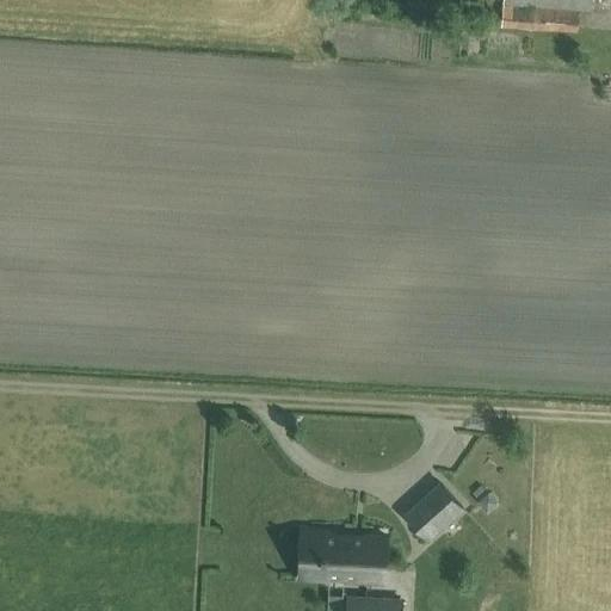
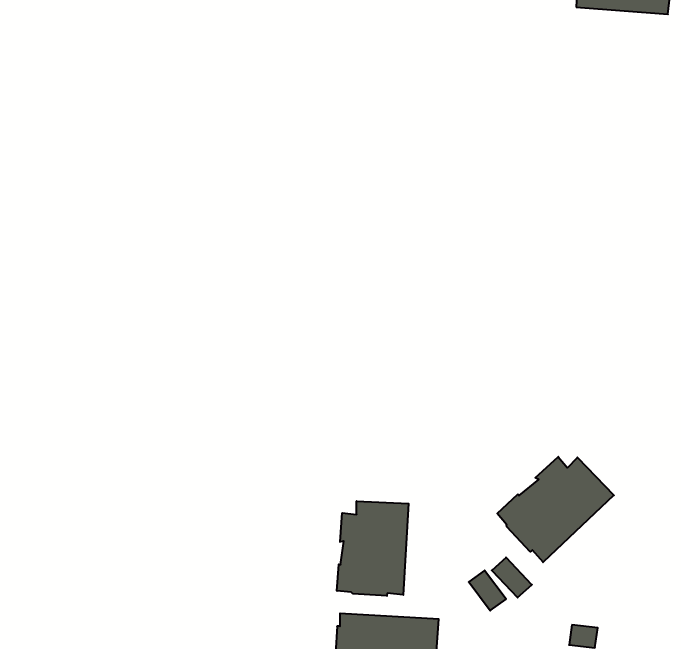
building: none -> [497,457,614,562]
building: none -> [337,501,409,596]

